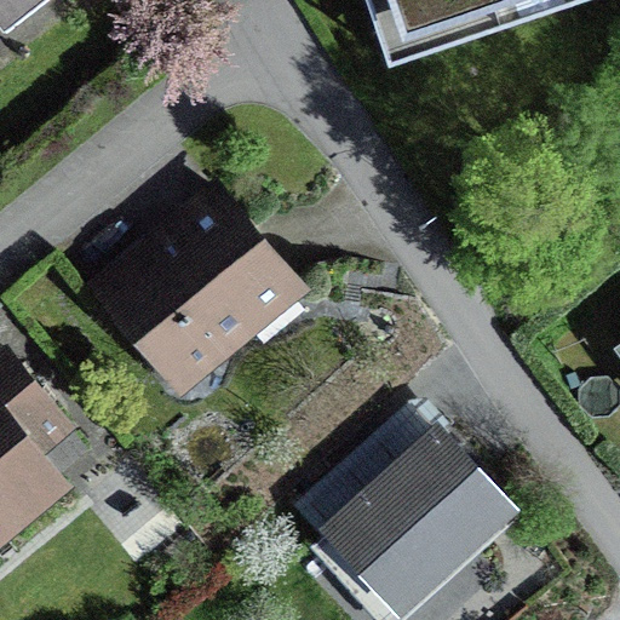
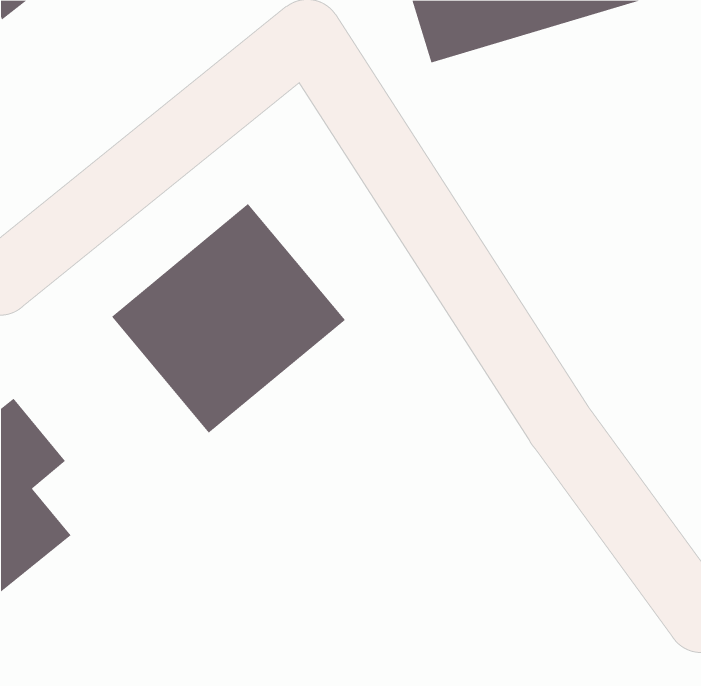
building: [321,420,516,613] -> none

